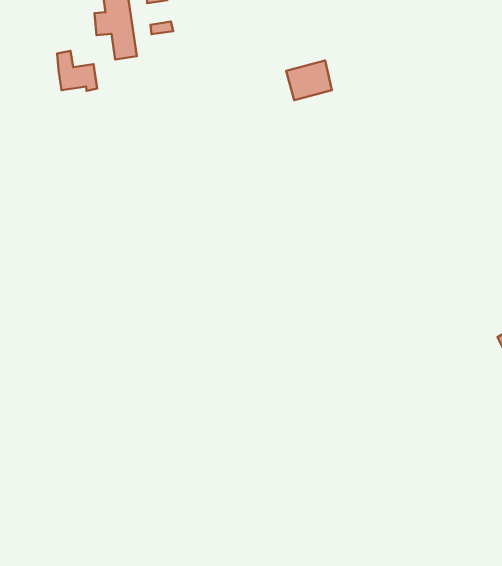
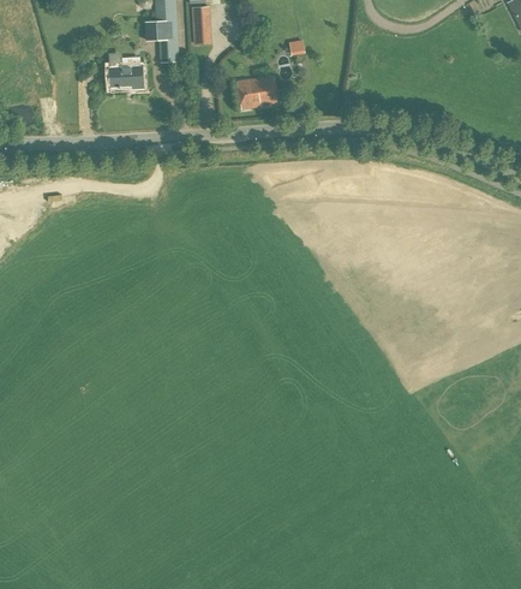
building: [286,61,332,100] -> [236,76,275,108]

